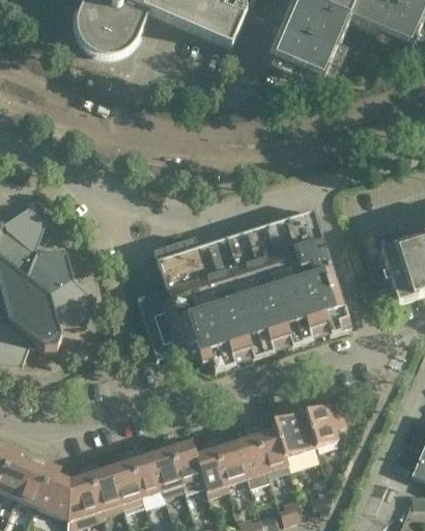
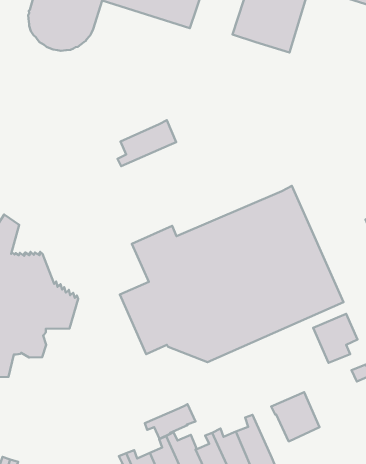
building: none -> [117,120,176,166]
building: [305,399,346,445] -> [313,314,357,363]
building: none -> [145,404,195,439]
building: [253,424,288,470] -> none

